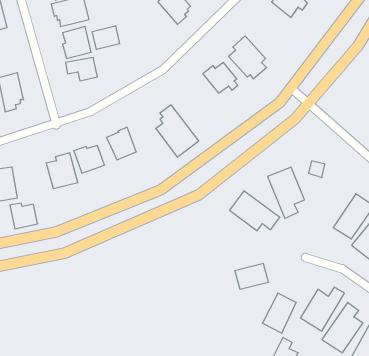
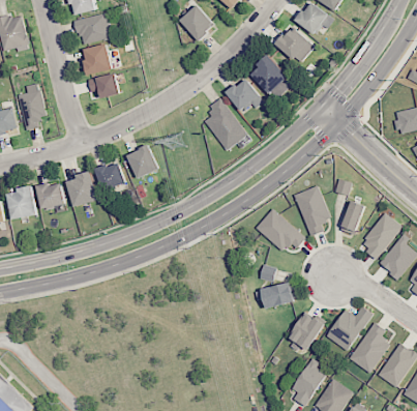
building: none -> [277,28,314,60]
building: [92,26,120,50] -> none
building: [156,105,199,157] -> [205,98,248,151]
building: none -> [338,201,364,235]
building: [10,203,38,229] -> [38,183,66,209]

